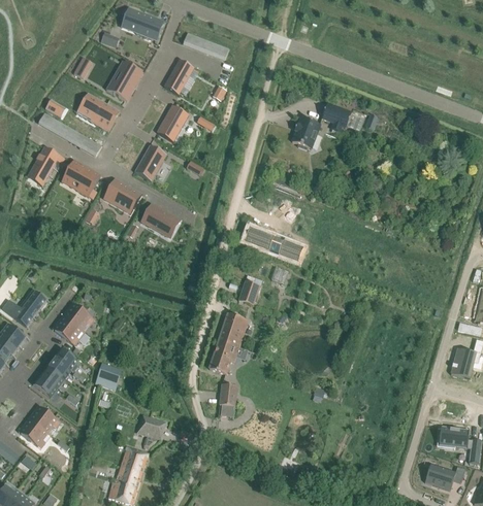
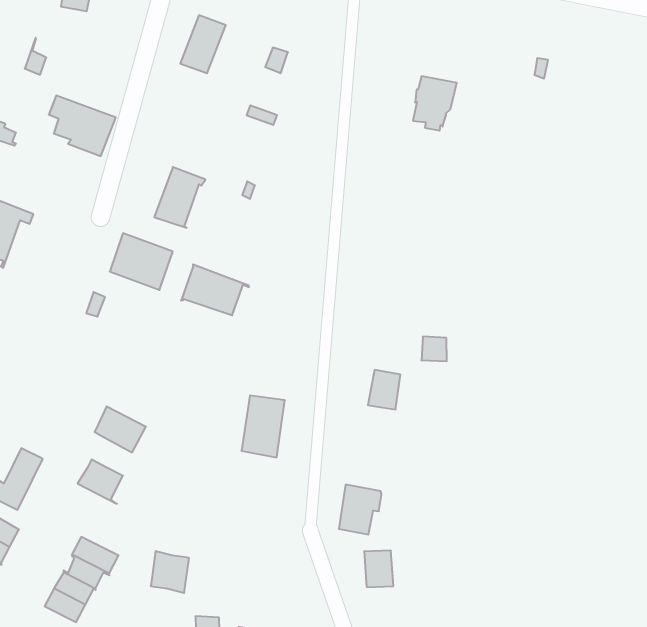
building: [106,60,143,101] -> none
building: [322,102,352,127] -> none
building: [157,105,189,141] -> none
building: [63,159,101,196] -> none
building: [246,227,303,260] -> none
building: [218,312,248,350] -> [241,395,285,457]
building: [55,316,85,345] -> [95,406,146,452]

